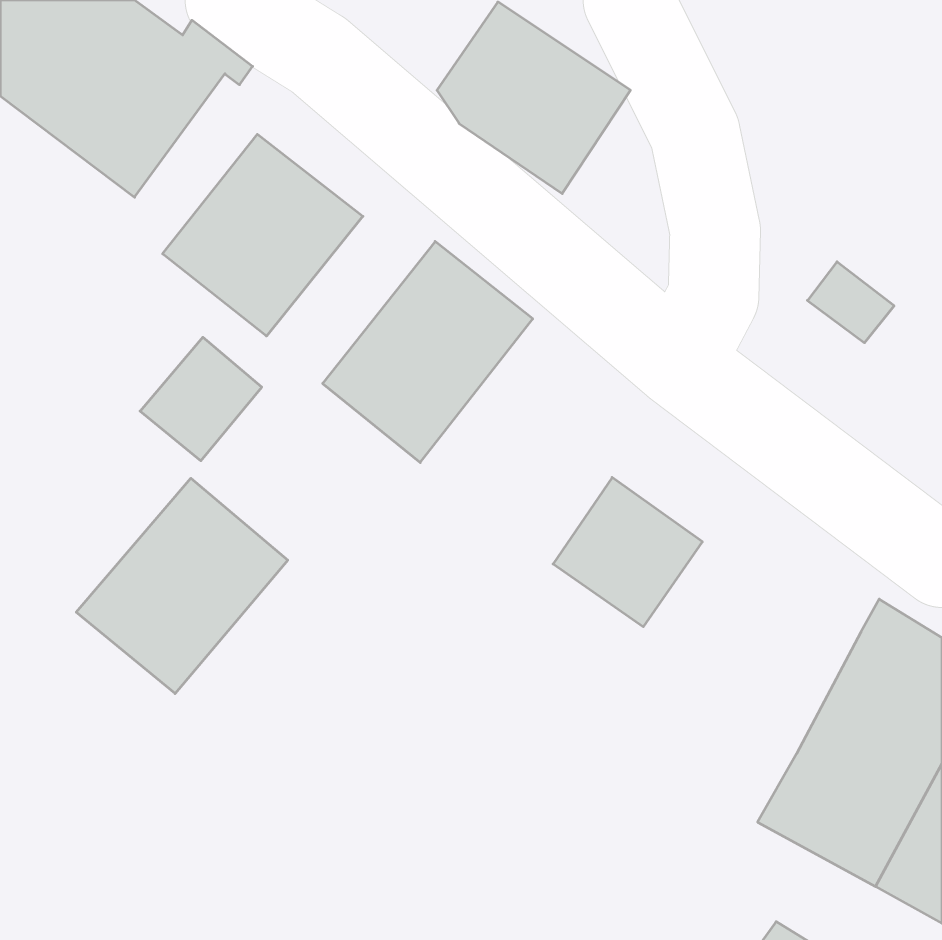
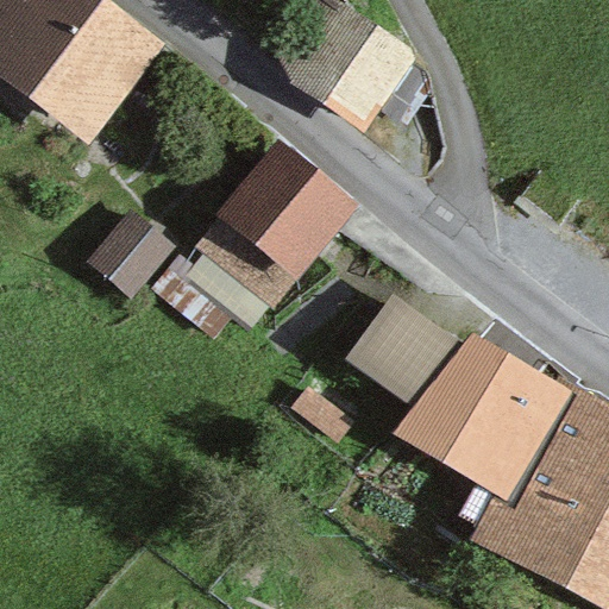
building: [163,134,363,336] -> none
building: [76,478,288,694] -> none
building: none -> [412,350,555,488]

